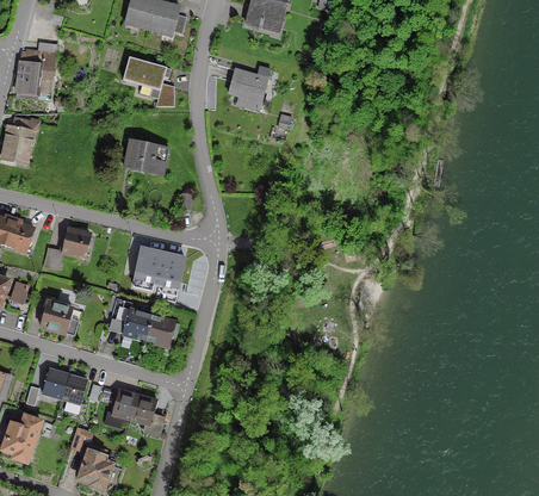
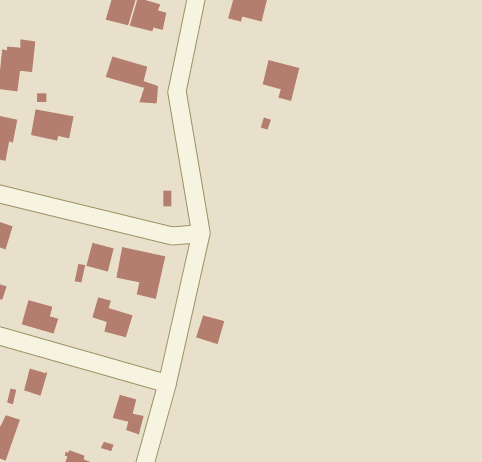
building: [229,68,267,110] -> [262,59,300,101]
building: [124,140,168,172] -> [30,109,75,141]
building: [50,228,91,268] -> [74,242,115,283]
building: [145,316,175,346] -> [195,315,225,345]
building: [61,373,87,413] -> none
building: [112,389,138,418] -> none

